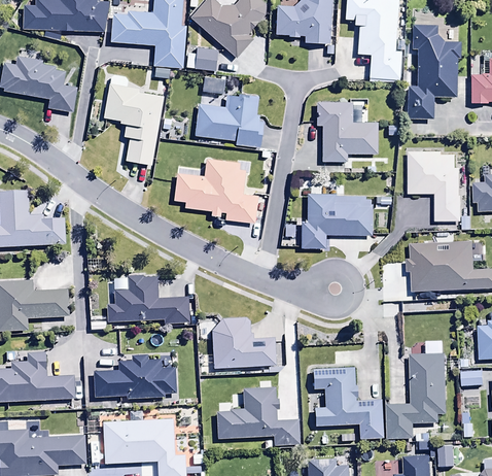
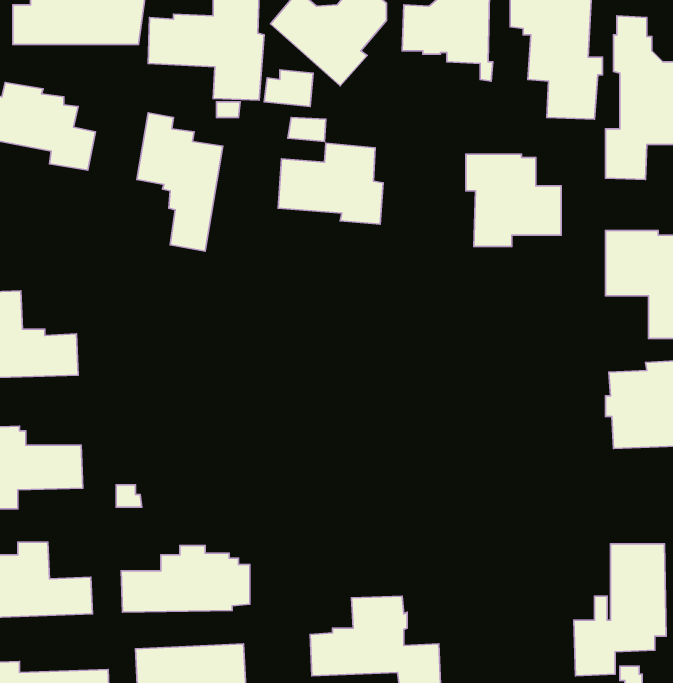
building: [174,158,257,223] -> none
building: [302,193,372,247] -> none
building: [107,274,189,322] -> none
building: [212,317,276,368] -> none
building: [314,367,385,439] -> none

